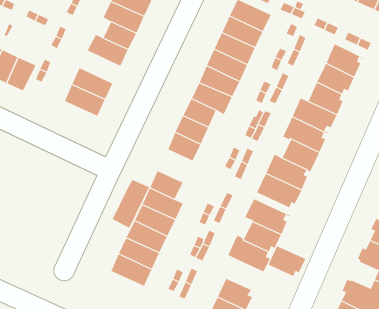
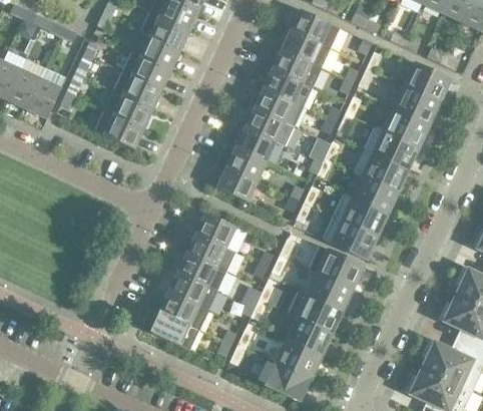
building: none -> [113,70,162,109]
building: [112,179,150,229] -> none
building: [268,245,306,278] -> [287,317,332,356]

